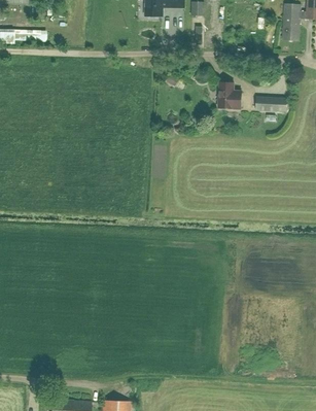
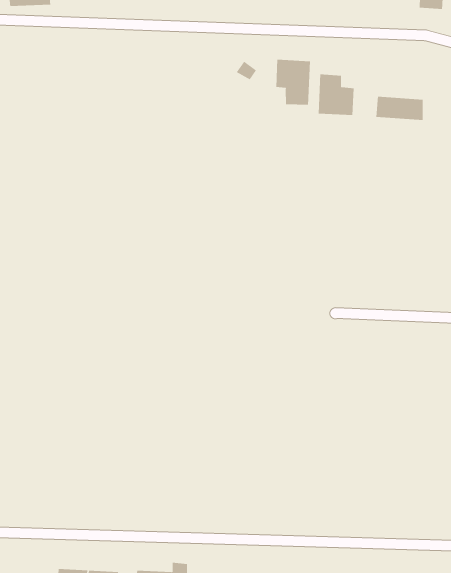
building: none -> [276,59,310,105]

